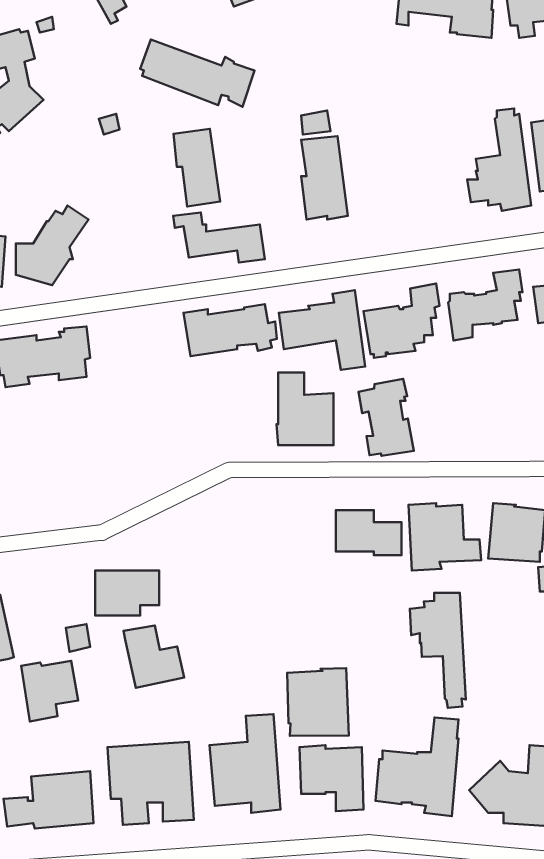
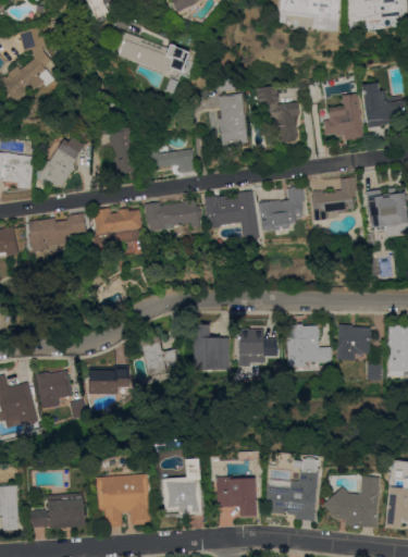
building: none -> [256,86,298,144]
building: [173,129,220,207] -> [108,126,137,175]
building: none -> [92,209,144,255]
building: [277,372,334,445] -> [193,324,228,370]
building: [358,379,414,456] -> none
building: [410,593,466,708] -> none
building: [124,626,184,688] -> [140,336,178,375]
building: [21,661,78,721] -> [36,371,72,409]
building: [287,668,349,736] -> none

